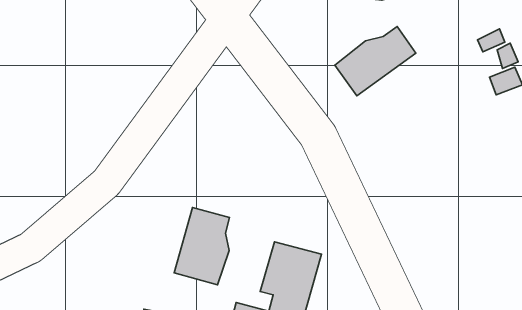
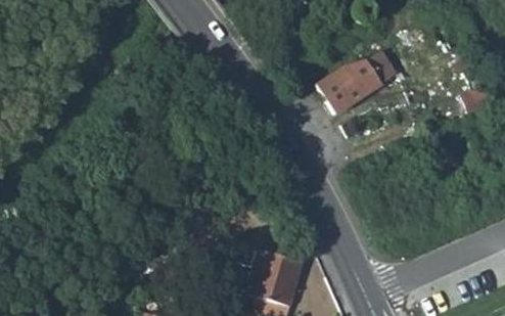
building: [174,207,230,285] -> none

